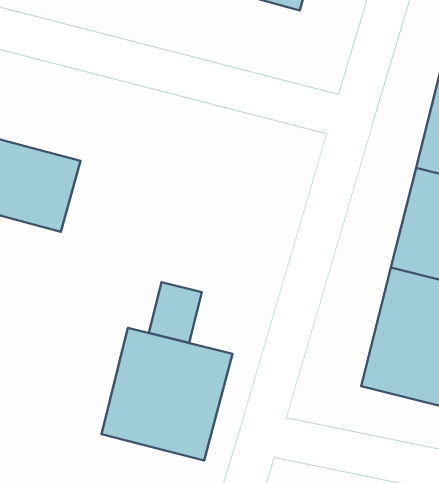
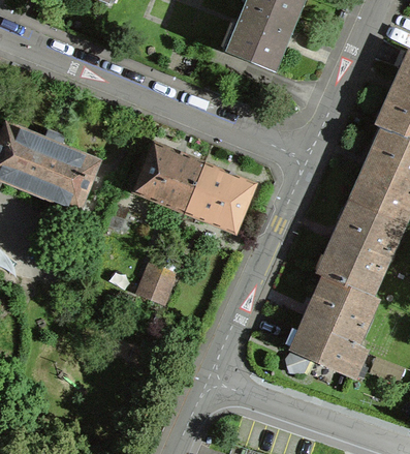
building: none -> [131,133,263,234]
building: [101,328,233,461] -> none

